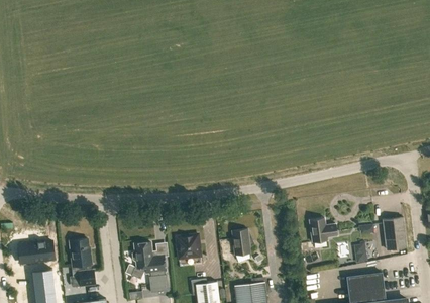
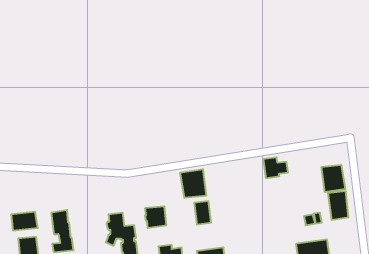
building: none -> [322,165,345,192]
building: none -> [180,169,206,198]
building: [309,219,337,242] -> [263,157,288,178]

